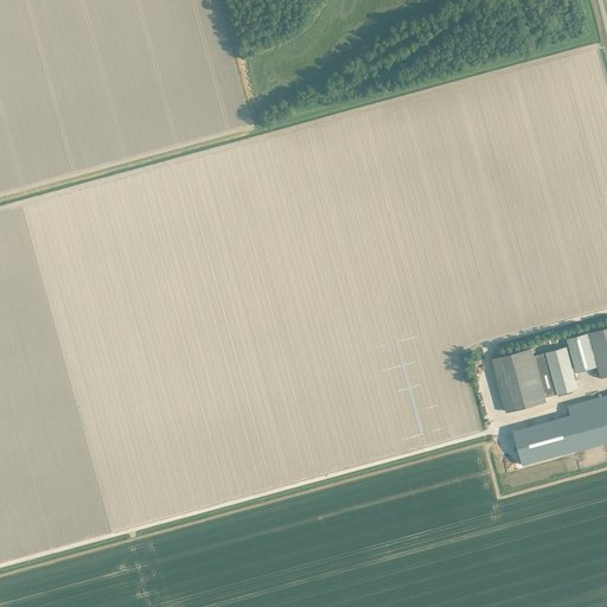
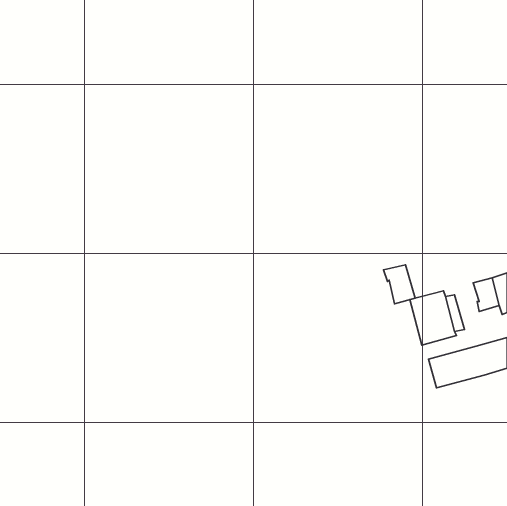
building: none -> [384,265,415,304]
building: [543,347,577,395] -> none

